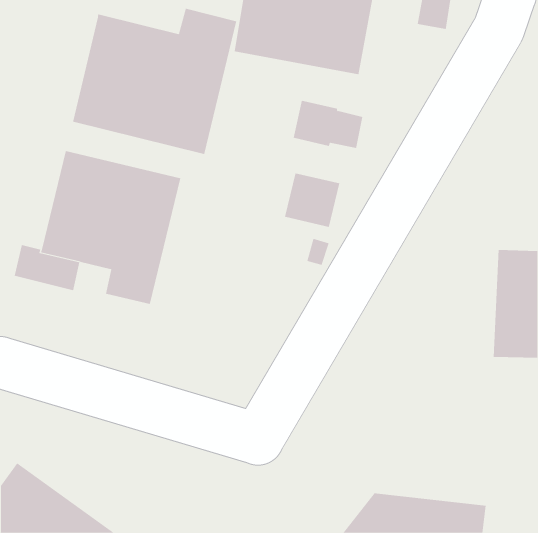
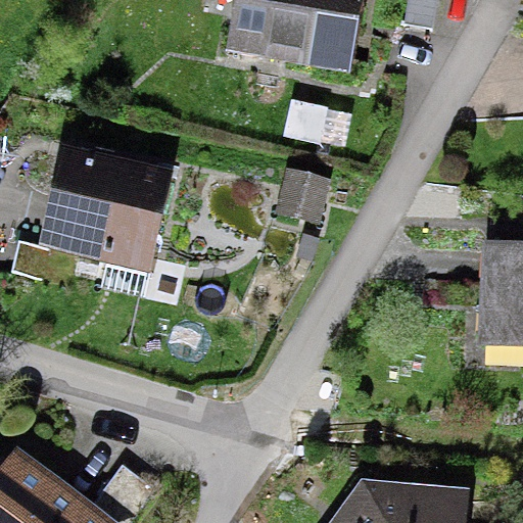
building: [72,8,237,155] -> none

